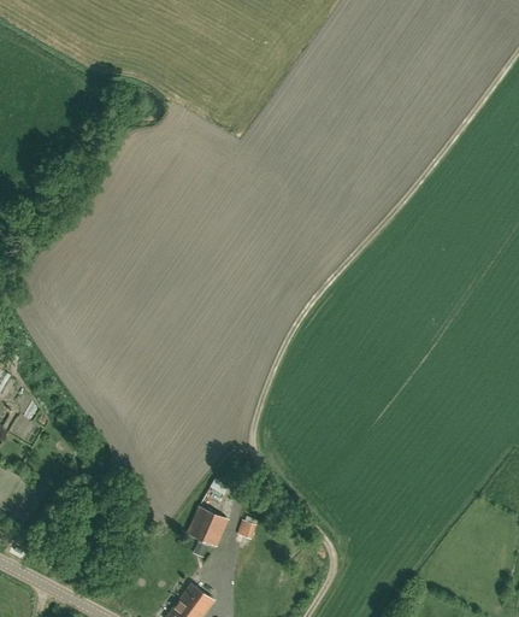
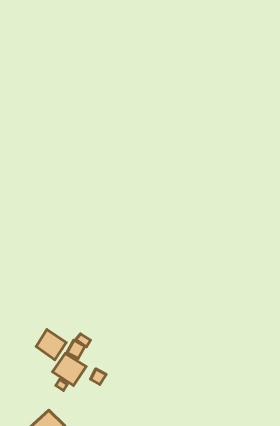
building: none -> [36,330,66,360]

